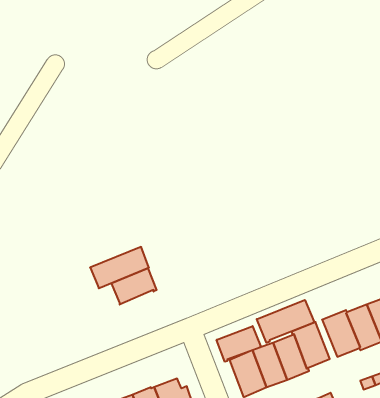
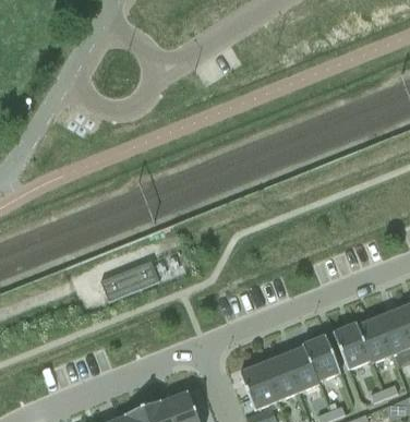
building: [112,268,157,305] -> none
building: [257,300,314,343] -> none
building: [217,326,260,362] -> none

